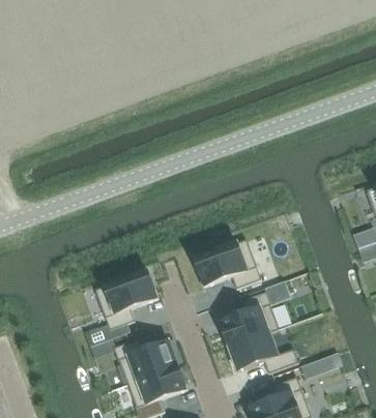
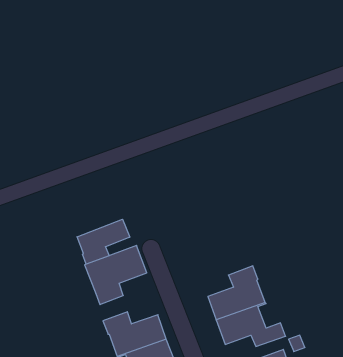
building: [195,238,261,288] -> none
building: none -> [77,219,130,264]

